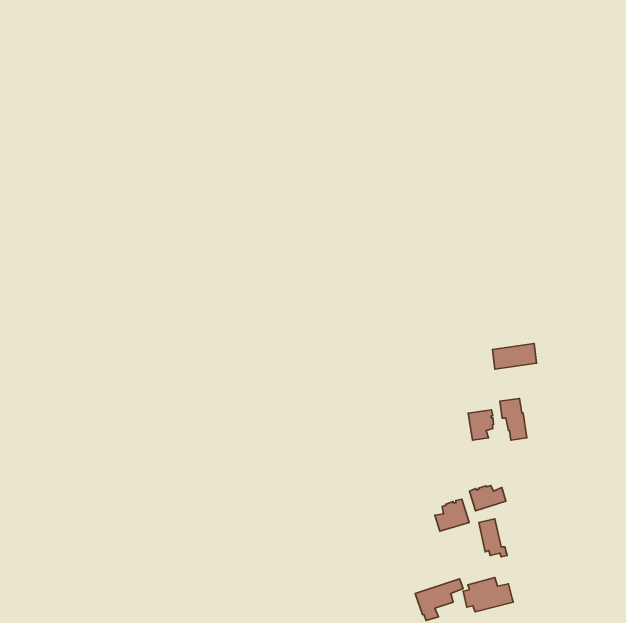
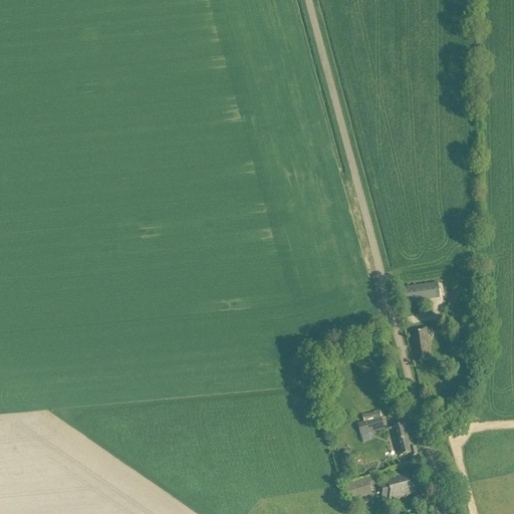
building: [468,410,494,440] -> none
building: [470,486,506,511] -> none

